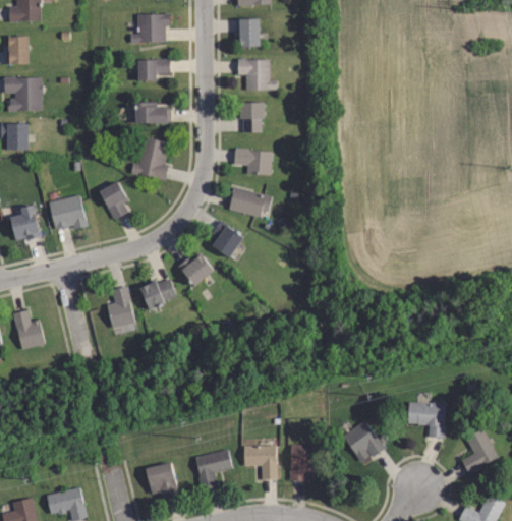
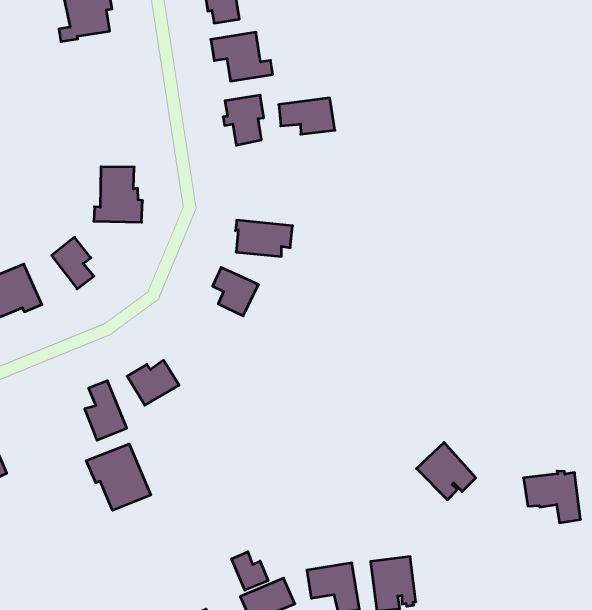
building: [139,59,171,80] -> none
building: [136,102,170,125] -> none
building: [232,150,270,174] -> [279,98,335,134]
building: [177,253,216,287] -> none
building: none -> [86,444,151,510]
building: [341,419,382,460] -> [416,442,476,500]
building: none -> [232,552,268,590]

